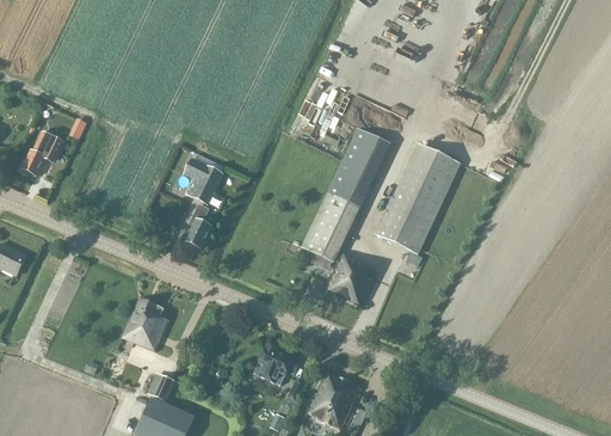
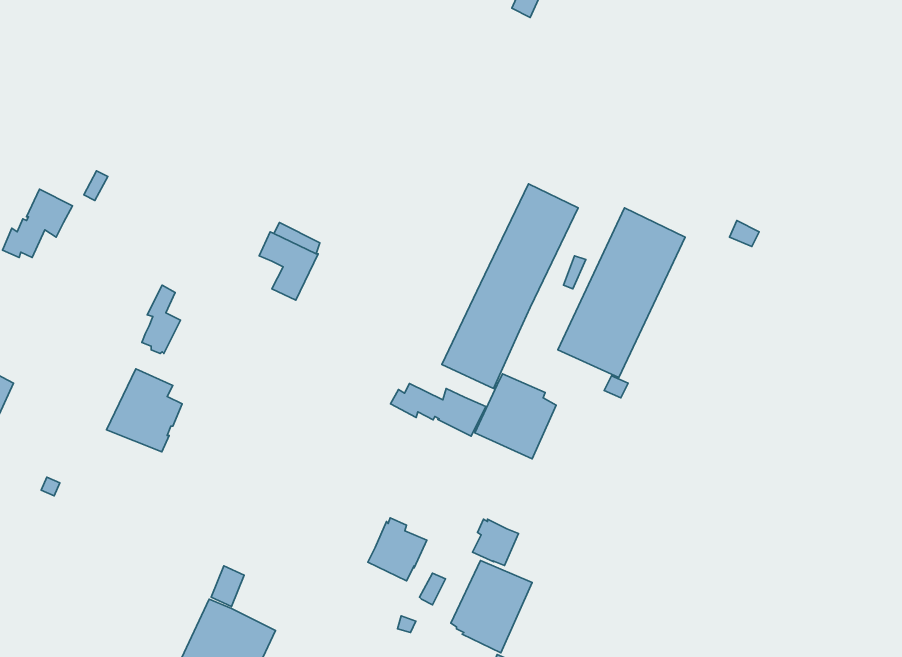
building: [186,204,211,248] -> [142,285,181,354]
building: none -> [390,383,486,436]
building: [121,297,169,351] -> [106,369,182,452]
building: none -> [473,519,518,565]

